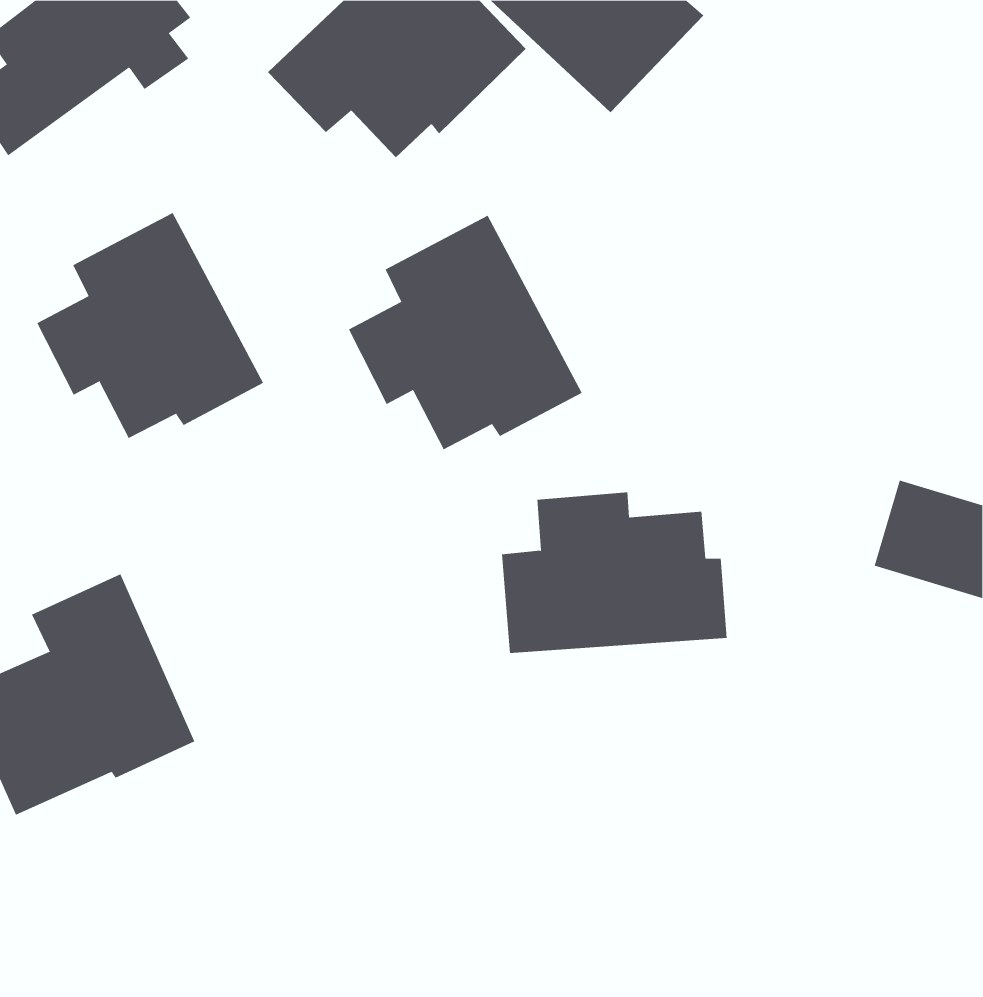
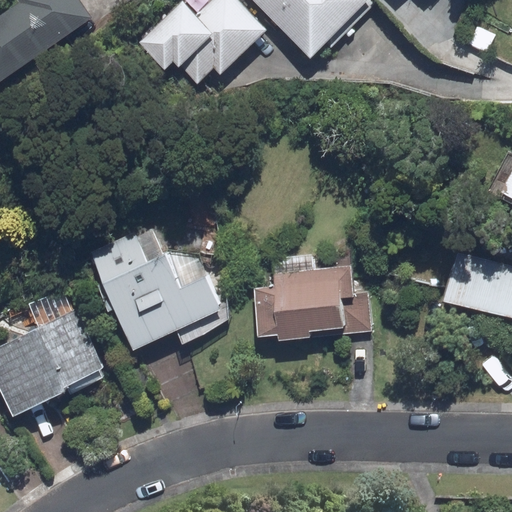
building: [37,212,264,439] -> none
building: [348,215,583,450] -> none
building: none -> [82,225,224,352]

